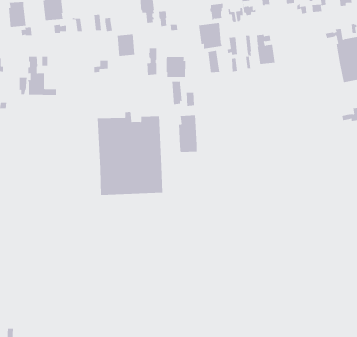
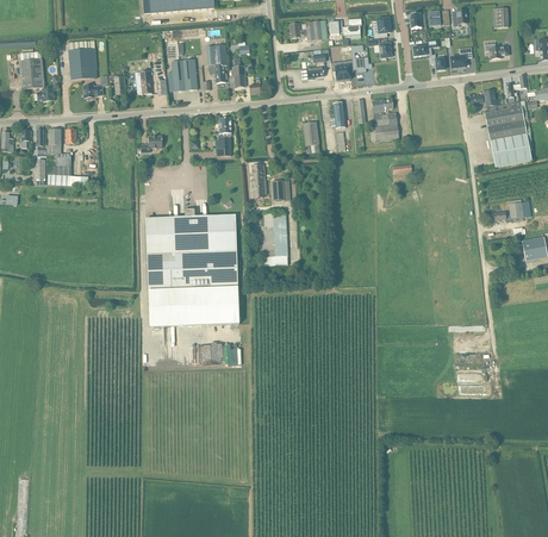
building: [198,22,222,50] -> none
building: [117,34,135,56] -> [172,58,198,90]
building: [166,56,186,78] -> none

